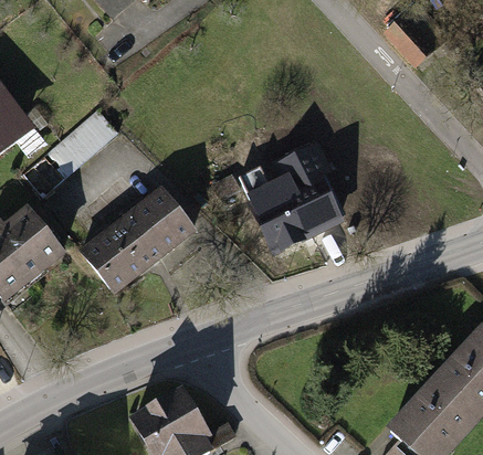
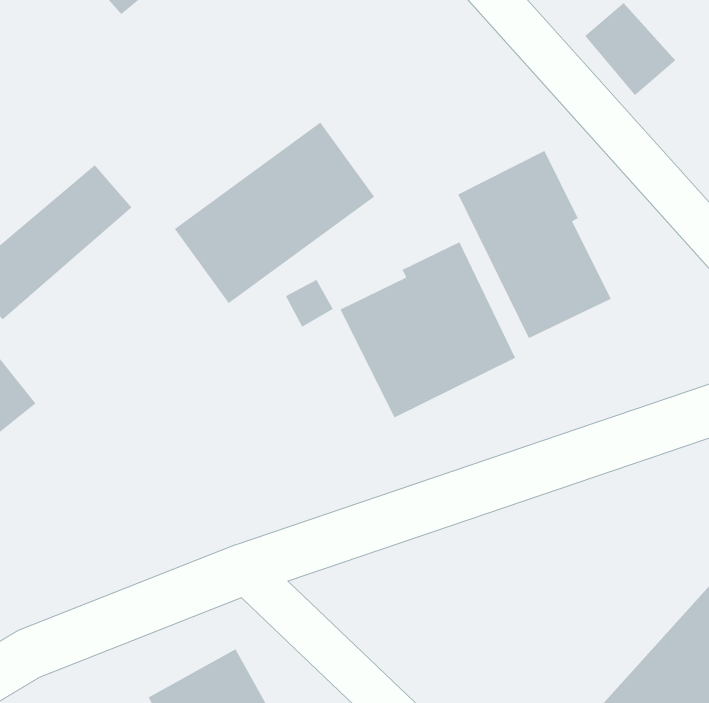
building: none -> [457,150,612,339]
building: [81,183,199,290] -> [174,122,375,304]

